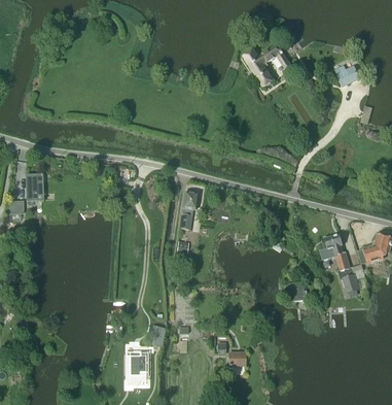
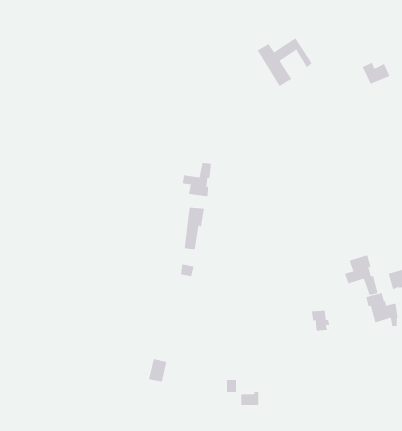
building: none -> [182,162,212,197]
building: [27,175,43,201] -> none
building: [131,349,147,374] -> none

